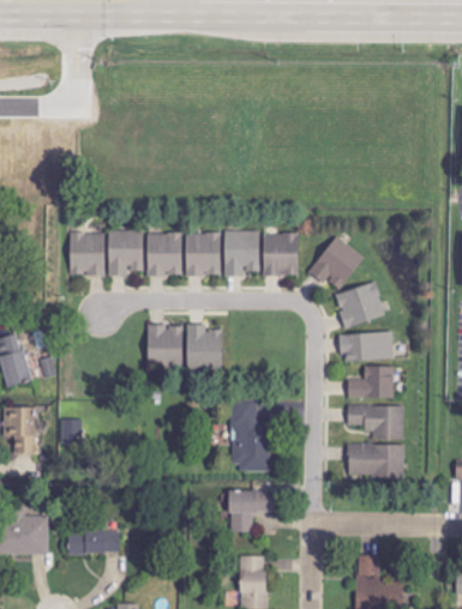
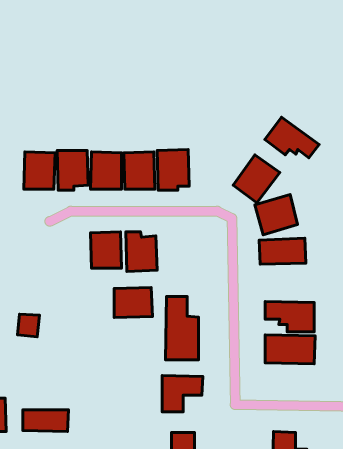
building: none -> [265,117,319,158]
building: [262,231,298,276] -> none
building: [347,366,394,398] -> none
building: none -> [114,288,152,317]

